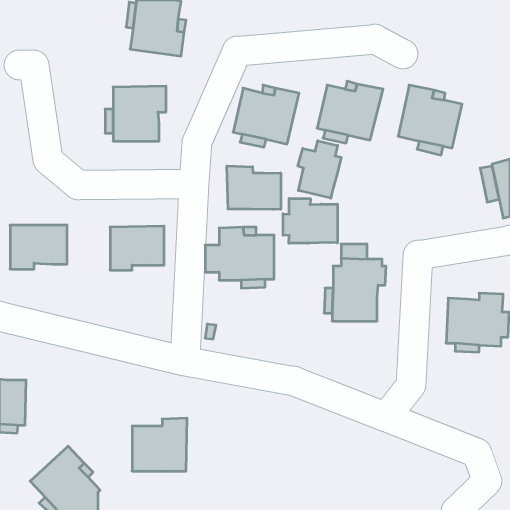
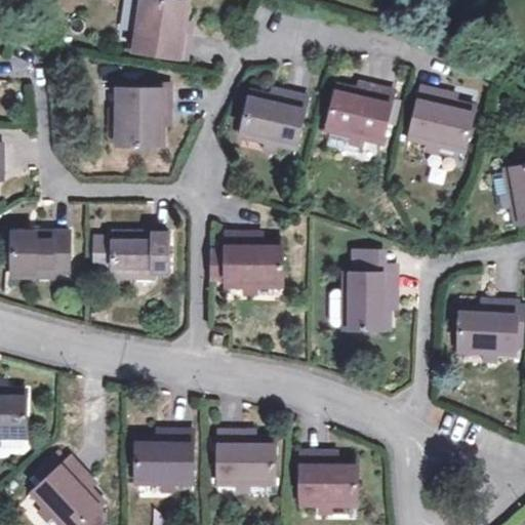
building: [298,141,341,198] -> none
building: [227,166,281,209] -> none
building: [283,198,337,243] -> none
building: none -> [218,432,275,485]
building: none -> [300,452,357,506]

